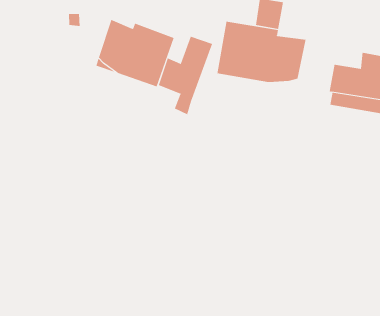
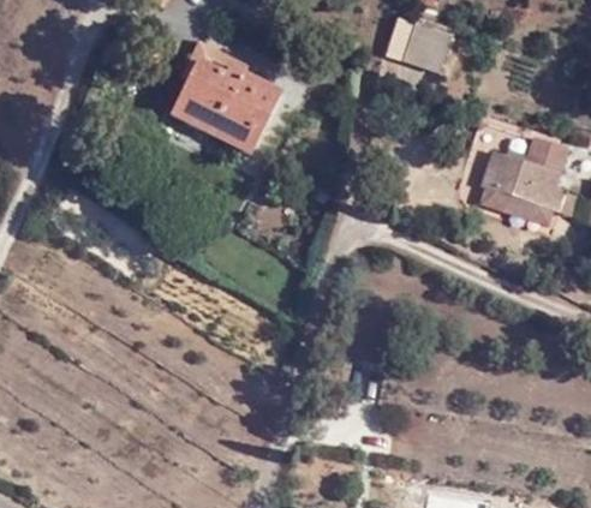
building: [217,21,306,83] -> none
building: [158,36,213,115] -> none

